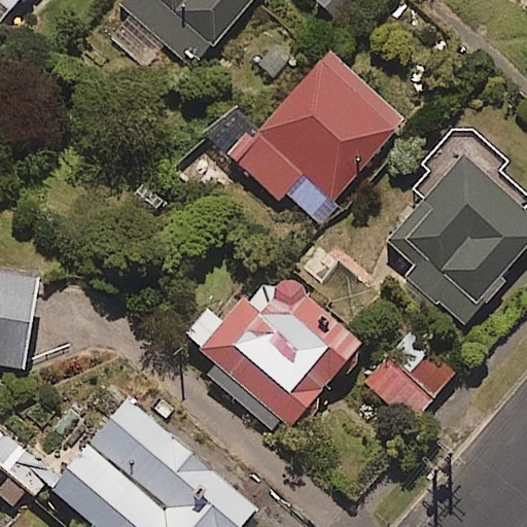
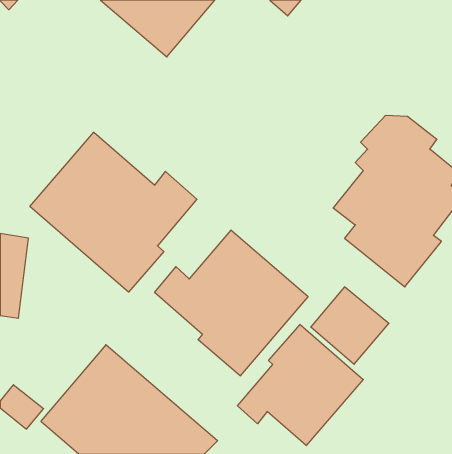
building: [234,54,401,211] -> none
building: none -> [30,132,197,292]
building: none -> [237,324,363,446]

